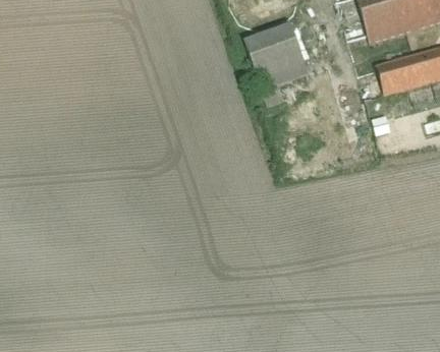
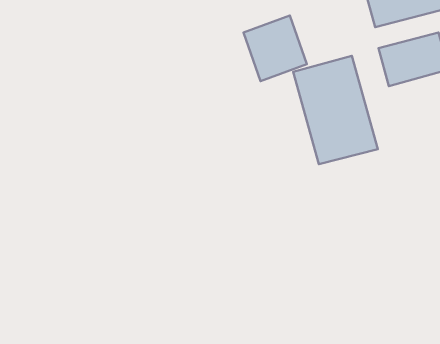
building: none -> [293,56,378,164]

